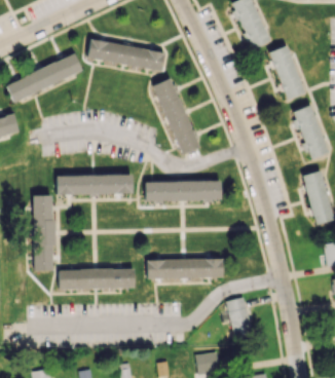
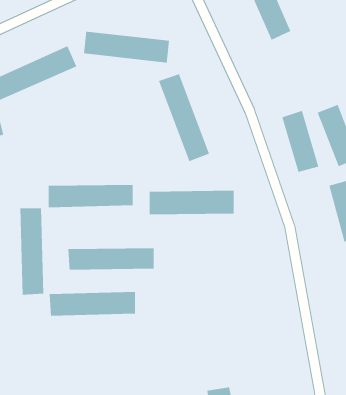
building: [270,45,303,100] -> [281,110,319,173]
building: [146,259,222,278] -> [68,248,154,270]
building: [225,297,253,337] -> none

